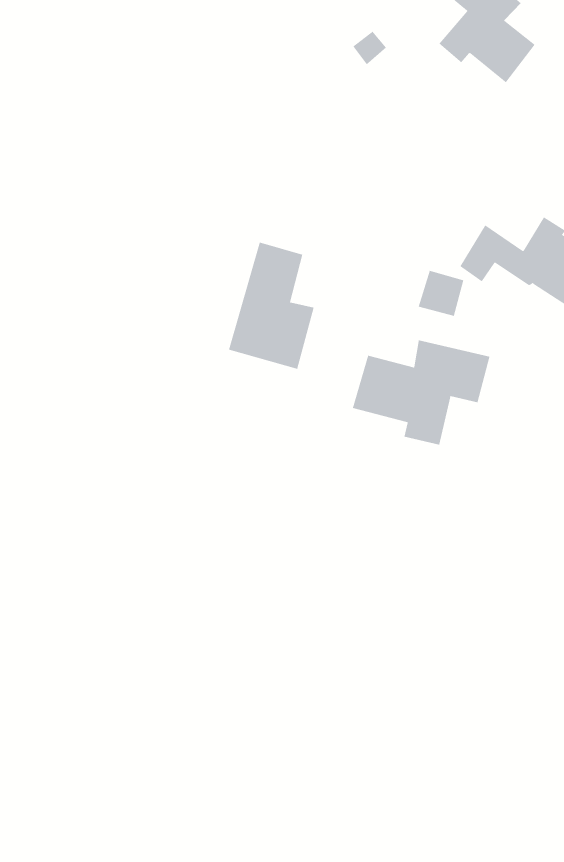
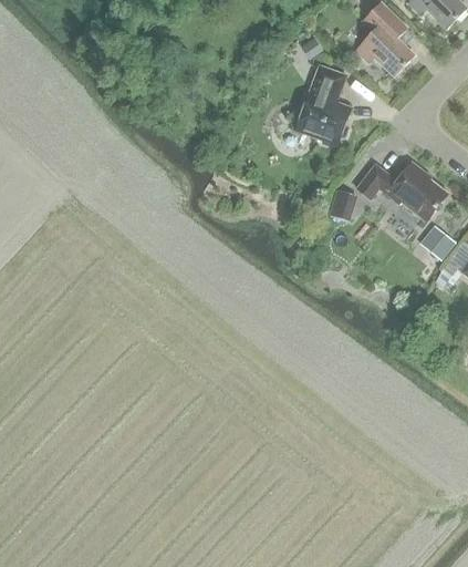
building: [228,242,315,370] -> [294,65,350,146]
building: [352,339,490,446] -> none

